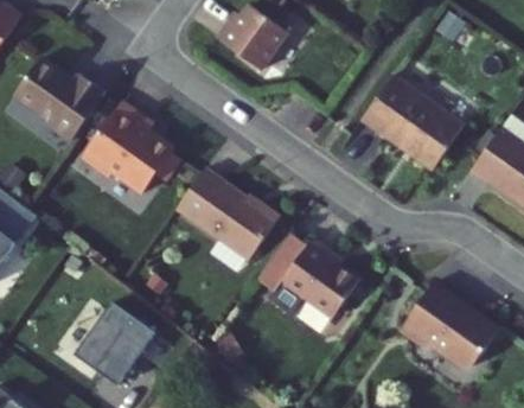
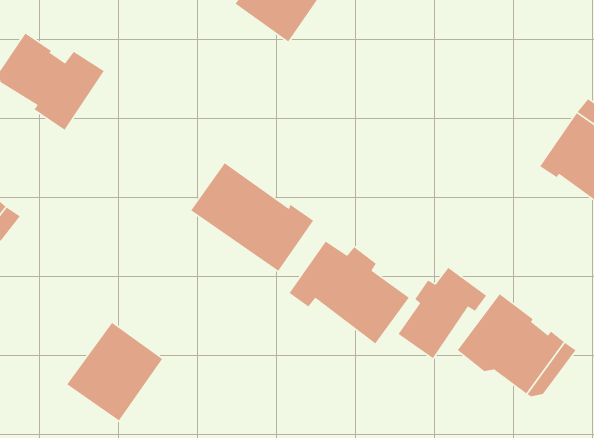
building: [360,74,475,178] -> none
building: [85,102,180,195] -> none
building: none -> [397,267,487,359]

